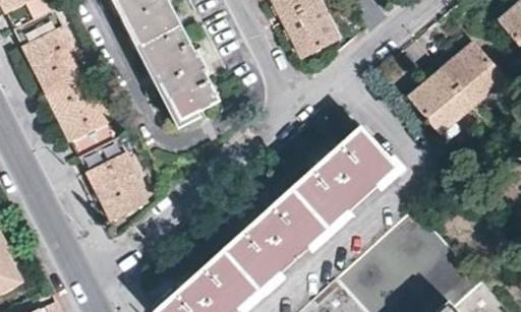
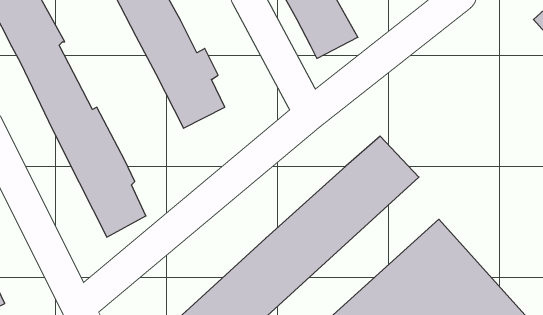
building: [407,45,501,134] -> none

